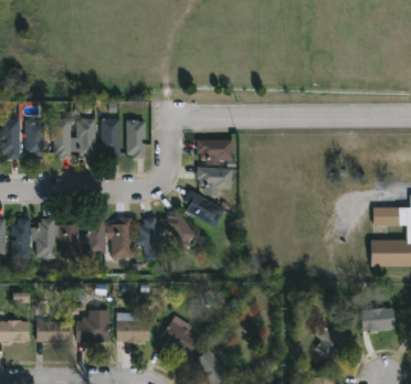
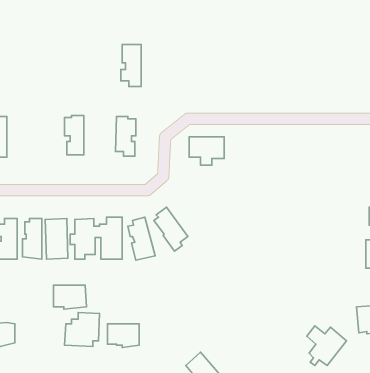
building: [101,118,120,159] -> [121,45,141,86]
building: [51,119,71,159] -> none
building: [25,120,45,159] -> none
building: [197,167,232,190] -> none
building: [186,190,224,227] -> none
building: [36,321,68,344] -> [54,285,86,309]
building: [160,321,199,356] -> none

